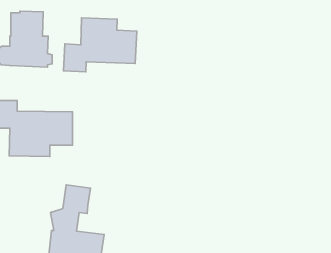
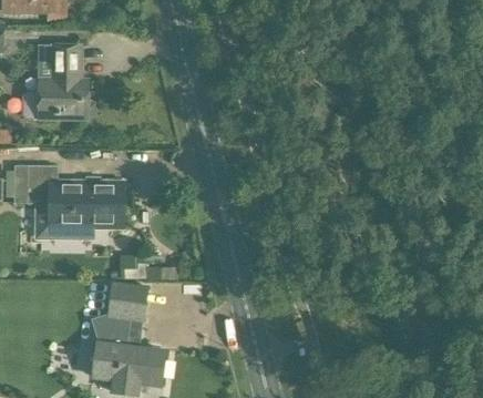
building: [64,18,137,72] -> none

